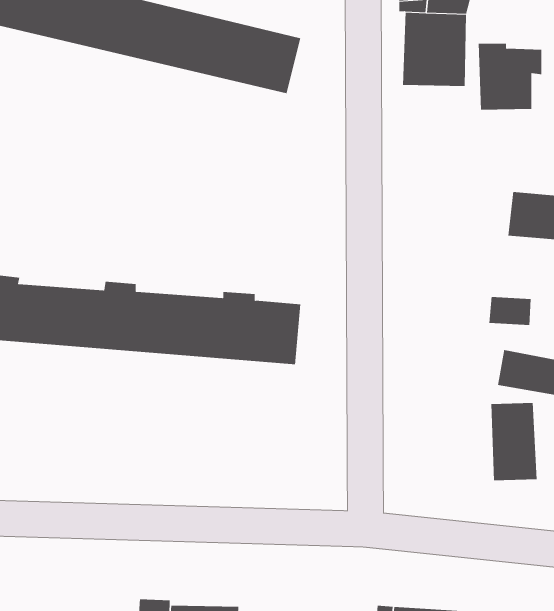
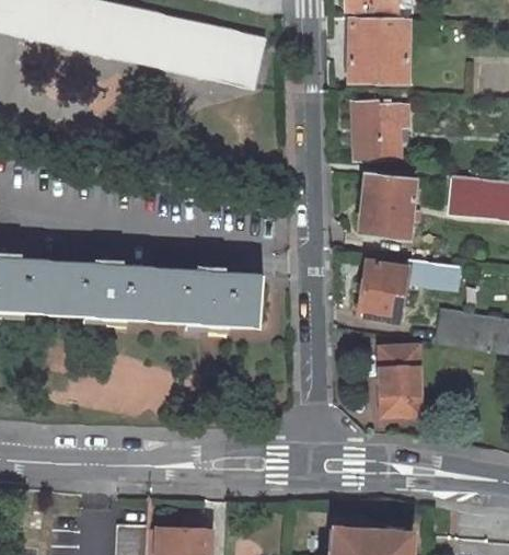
building: [478,43,542,110] -> [355,105,410,163]
building: none -> [358,180,413,242]
building: none -> [358,263,405,321]
building: [491,402,537,481] -> [380,346,420,414]

